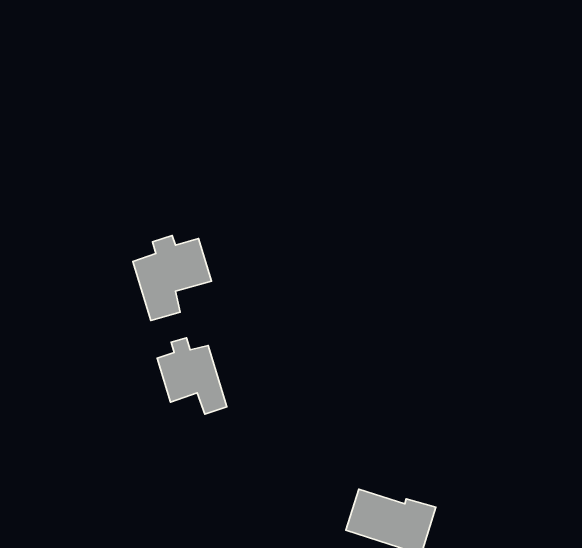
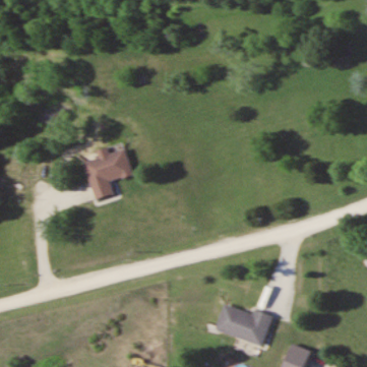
building: [157,338,227,414] -> none

